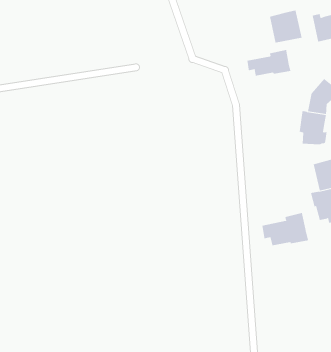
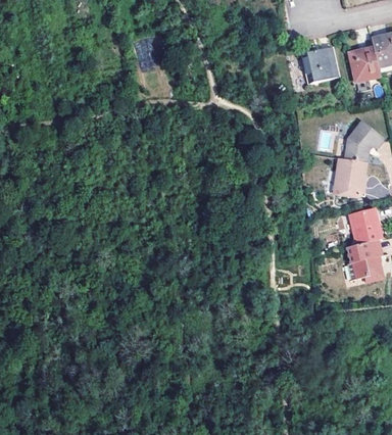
building: [247,49,291,76] -> none
building: [262,212,309,246] -> none

